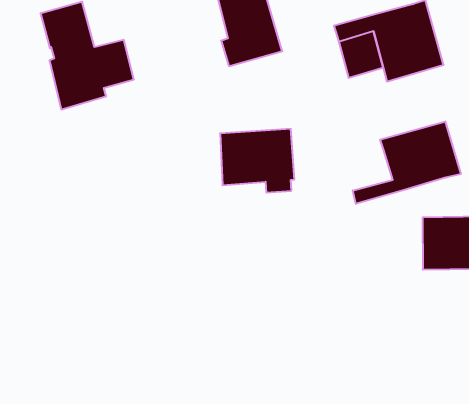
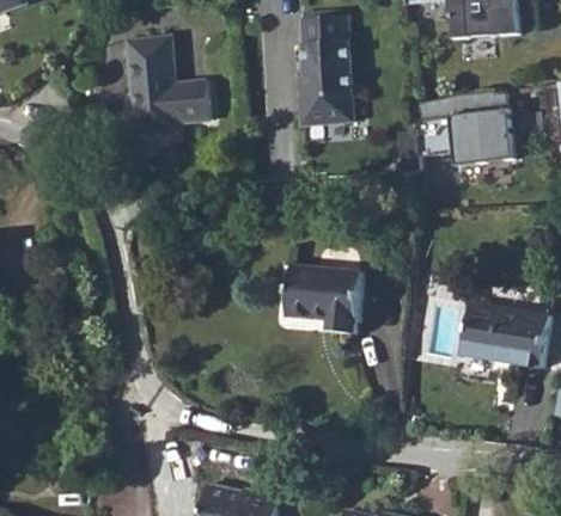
building: [353,121,461,204] -> none
building: [220,129,294,193] -> [285,264,361,332]

